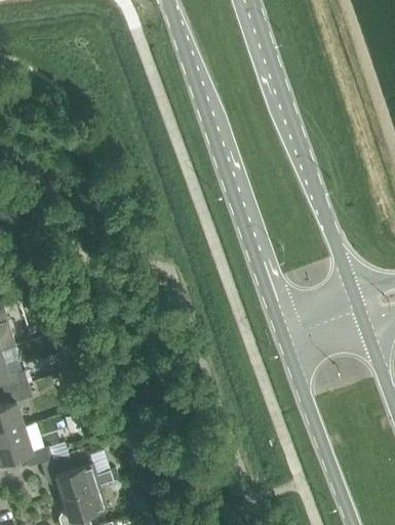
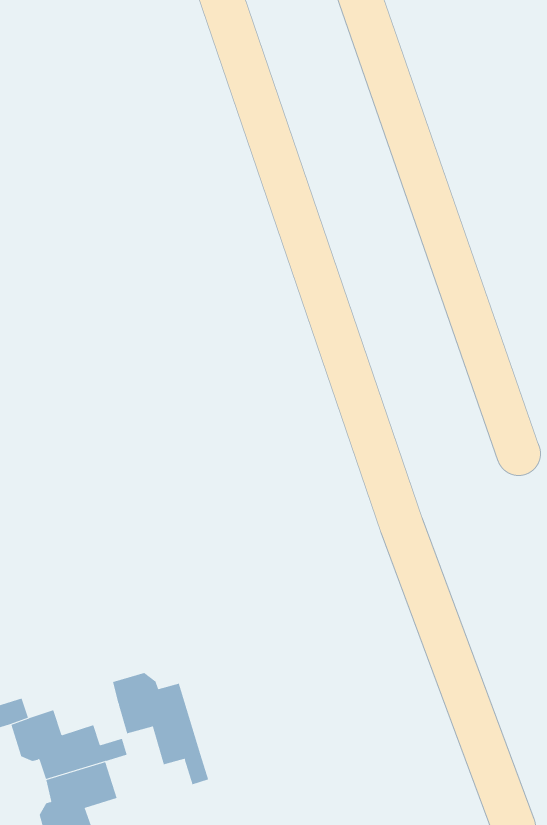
building: none -> [112,672,209,785]

